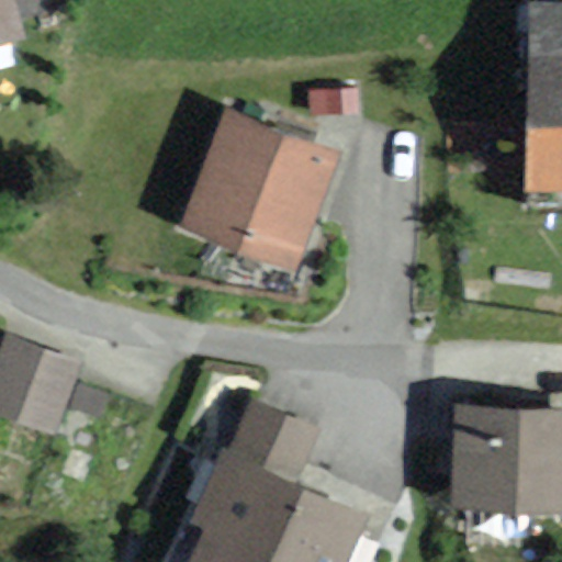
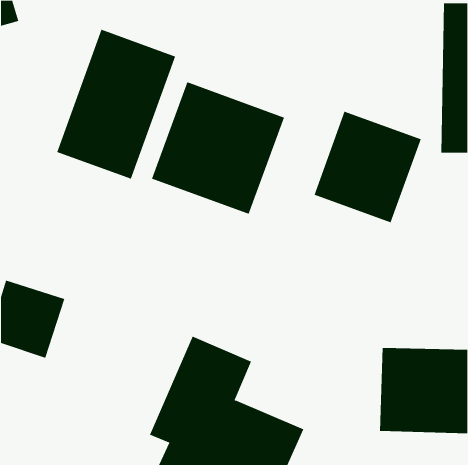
building: none -> [56,29,176,180]
building: none -> [314,111,421,223]

